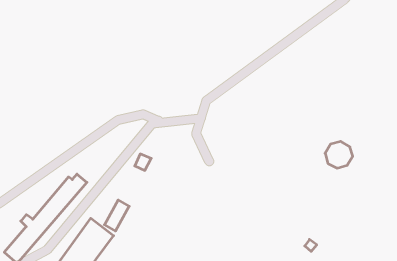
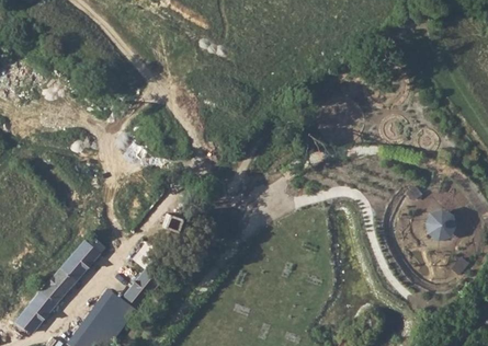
building: [325,141,353,168] -> [425,209,458,241]

